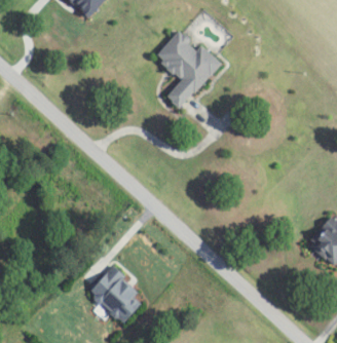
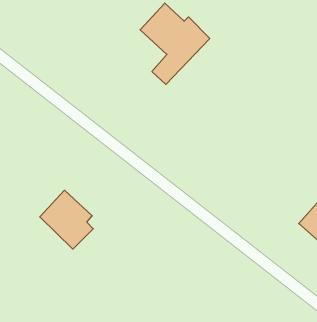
building: [87,266,139,322] -> [40,190,93,249]

